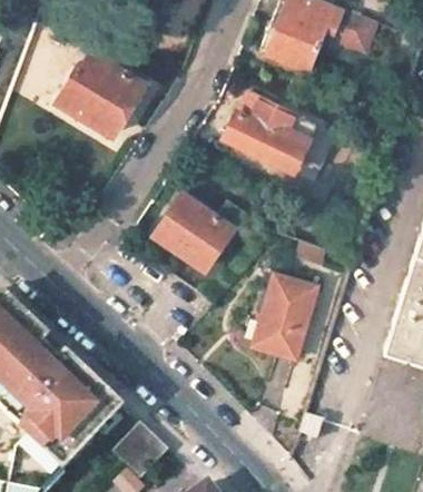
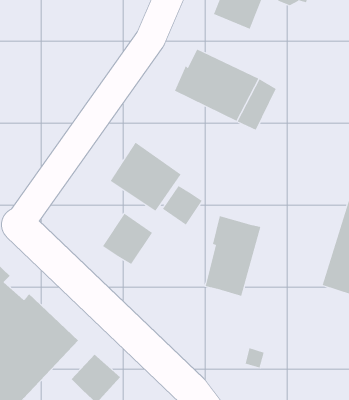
building: [56,51,142,136] -> none
building: none -> [162,185,203,226]
building: none -> [102,213,153,265]

